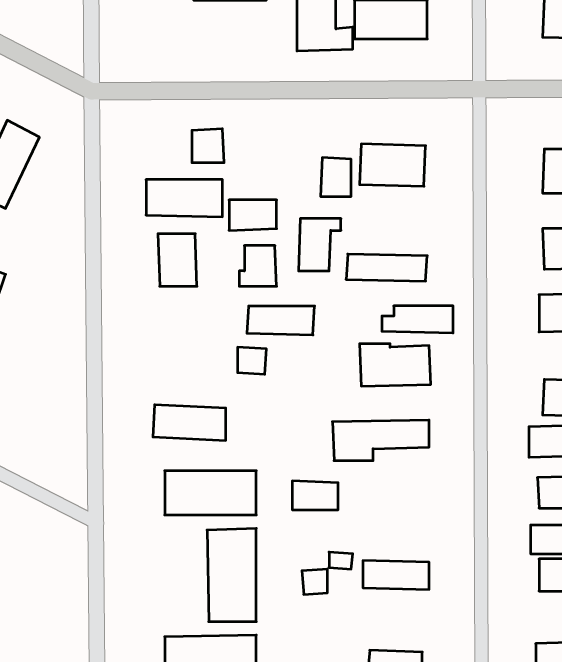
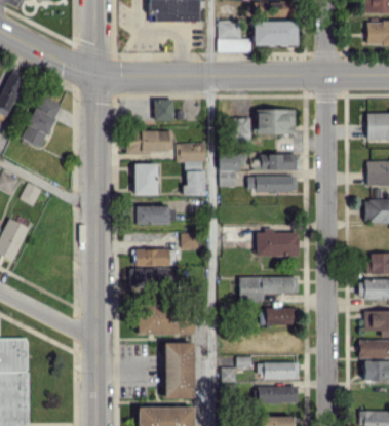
building: [382,306,453,333] -> [254,154,297,170]
building: [247,306,315,335] -> [134,206,176,224]
building: none -> [134,248,169,266]
building: [292,481,338,510] -> [265,307,293,324]
building: none -> [258,386,298,403]

